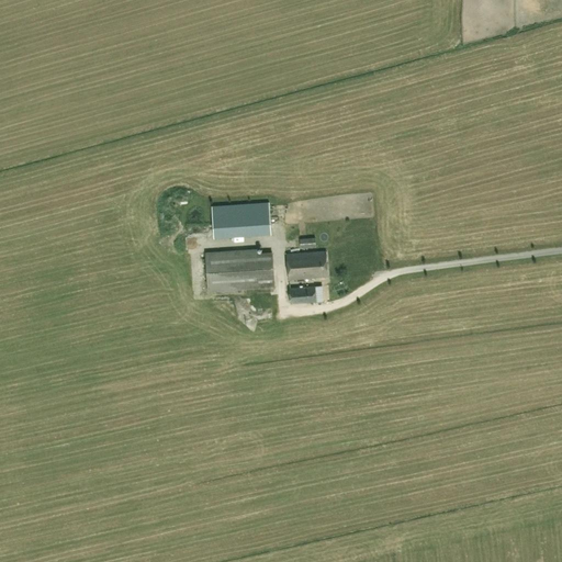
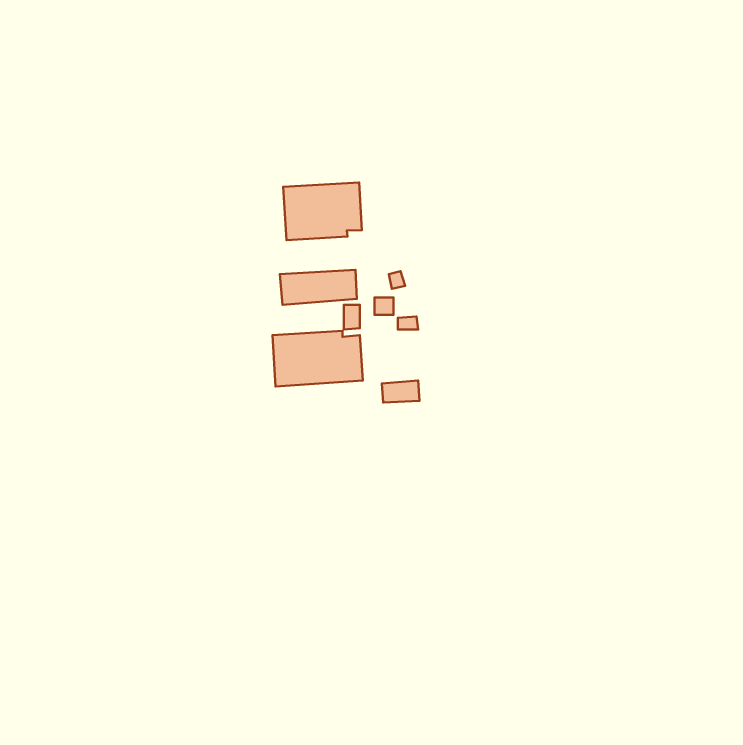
building: none -> [283,183,362,240]
building: [285,251,327,279] -> none

